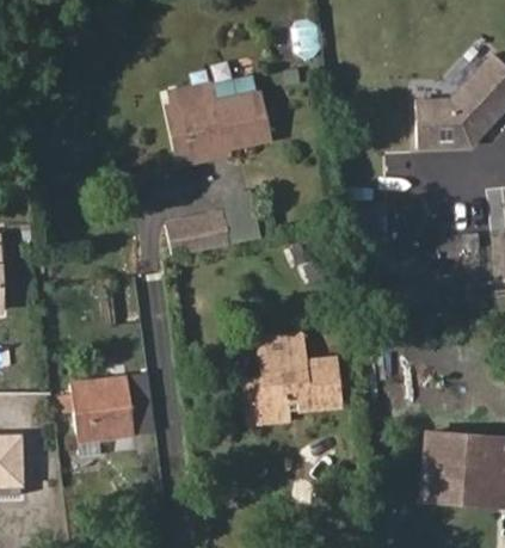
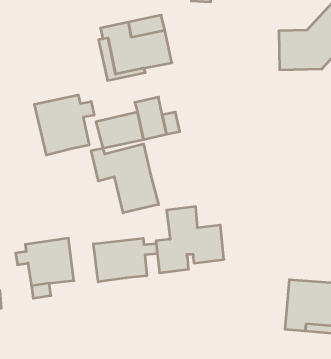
building: none -> [34,95,94,155]
building: none -> [91,144,159,213]
building: none -> [93,238,157,282]

